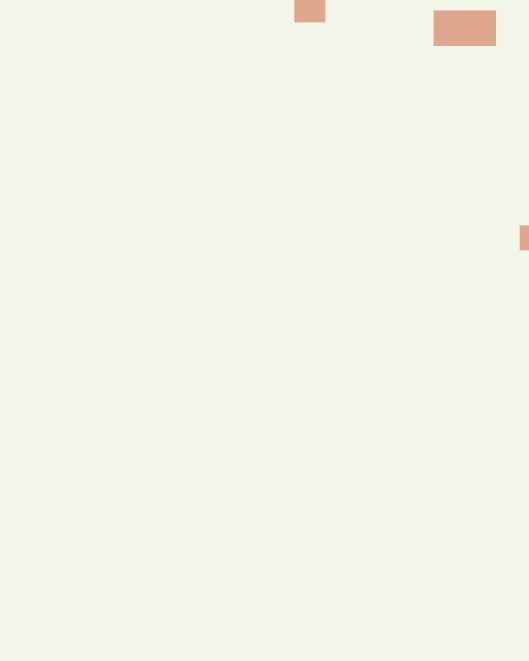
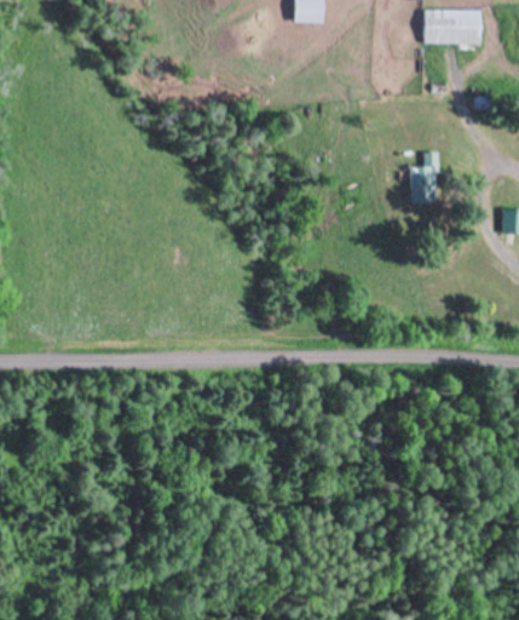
building: none -> [410,150,437,203]

